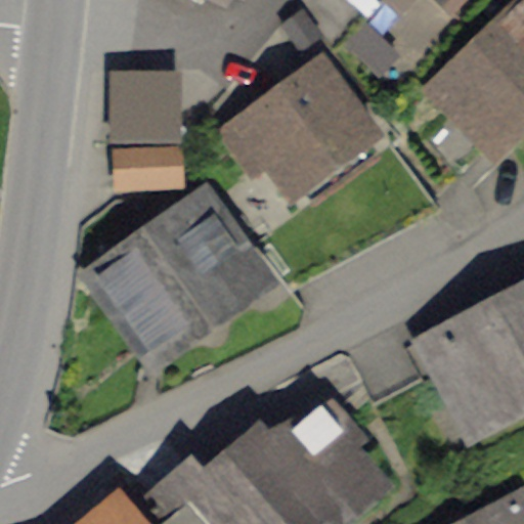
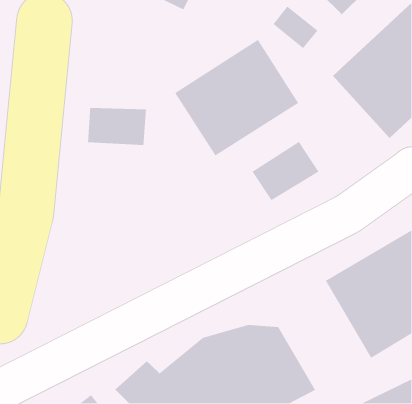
building: [114,73,188,138] -> none
building: none -> [251,141,320,201]
building: [91,191,292,368] -> none

